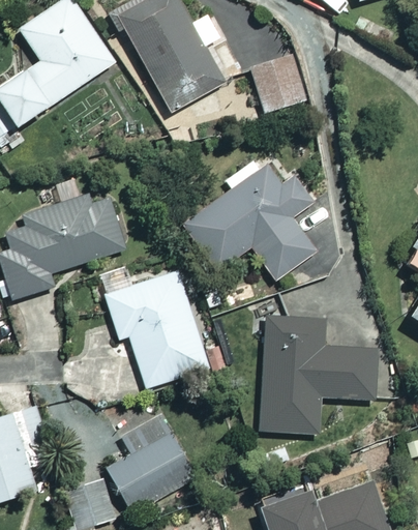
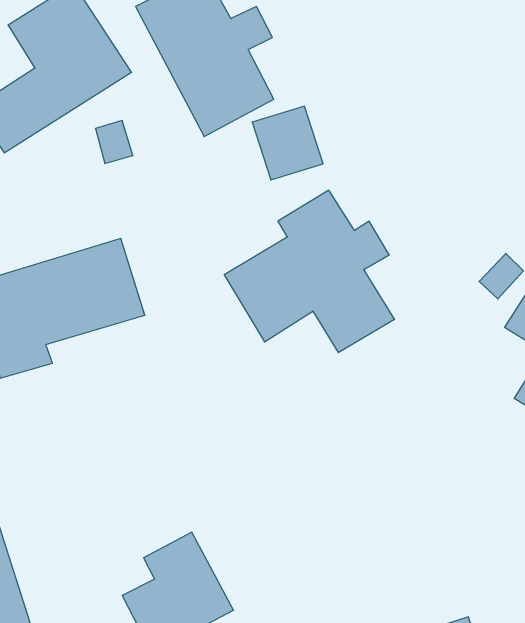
building: [250,55,305,112] -> [252,106,323,180]
building: [104,271,208,388] -> none
building: [260,317,372,434] -> none

